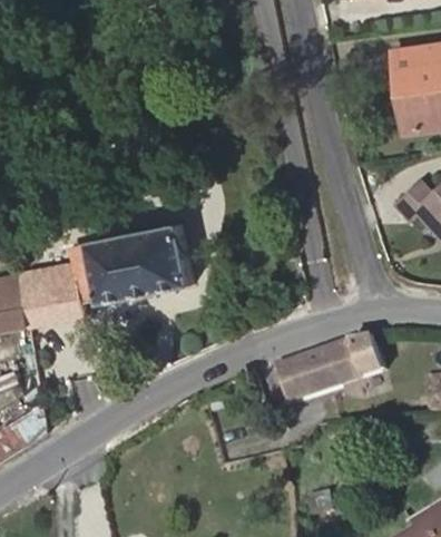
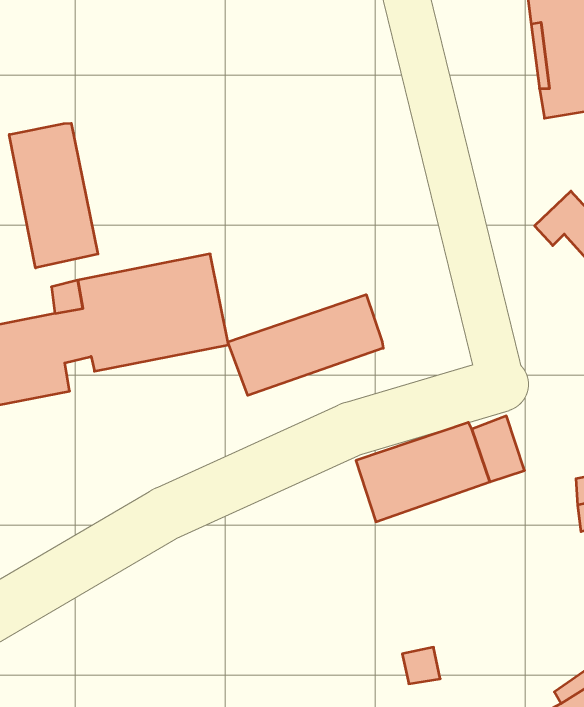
building: none -> [9,123,98,268]
building: none -> [228,295,383,395]

